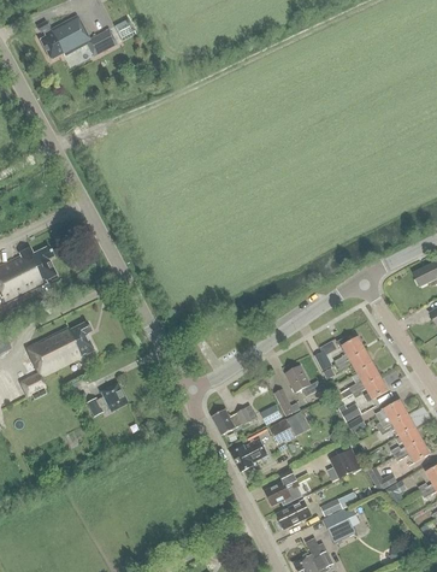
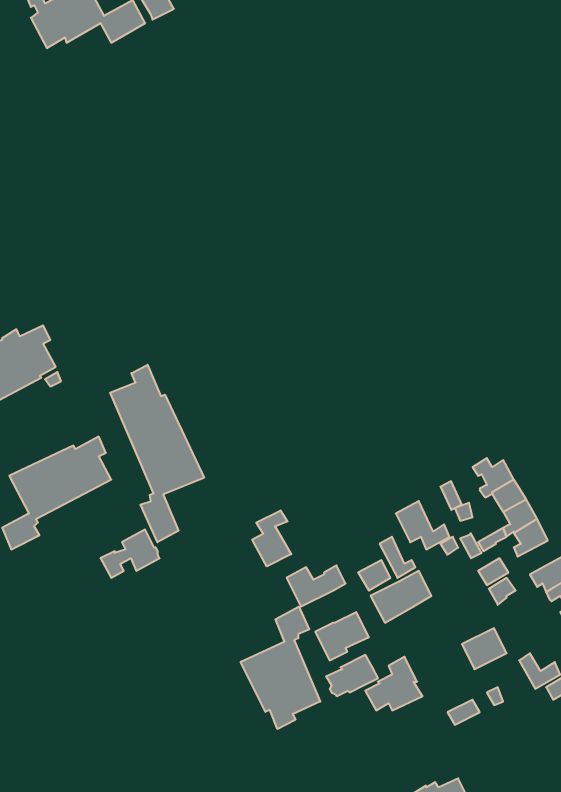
building: none -> [110,365,204,542]
building: none -> [252,510,291,566]
building: none -> [241,607,320,729]
building: [277,500,312,527] -> [326,655,378,696]
building: [323,507,360,542] -> none

